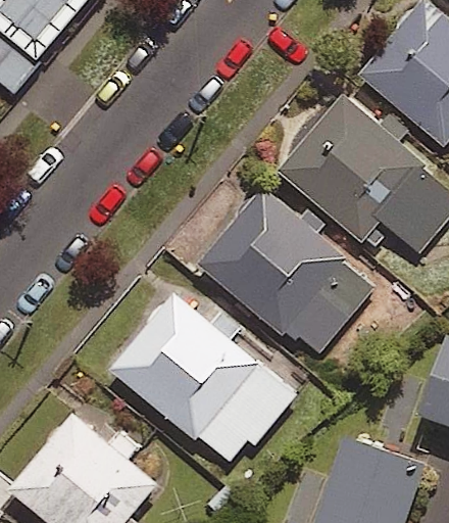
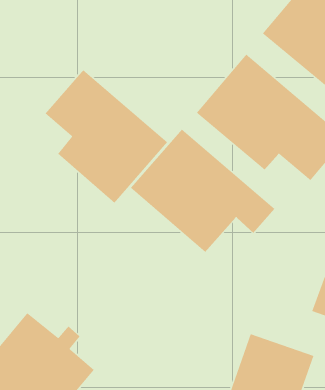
building: none -> [45,69,168,204]
building: [112,295,296,463] -> none

